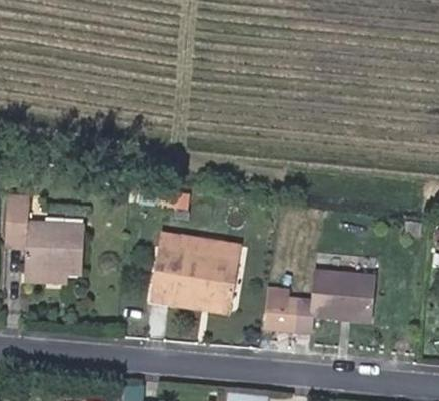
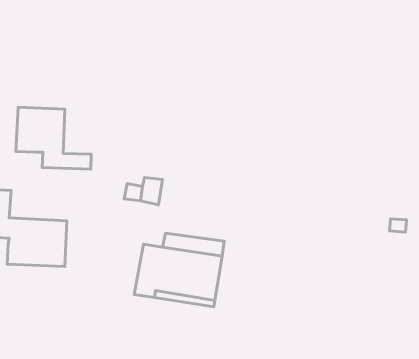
building: none -> [16,107,91,169]
building: [266,271,373,331] -> none

